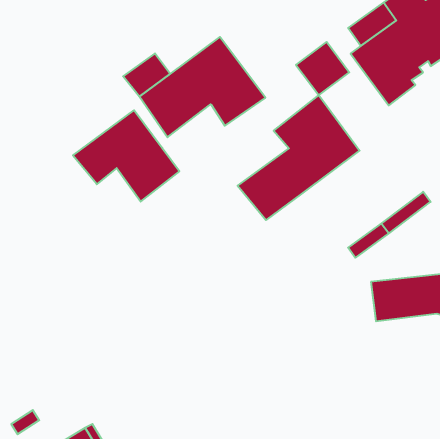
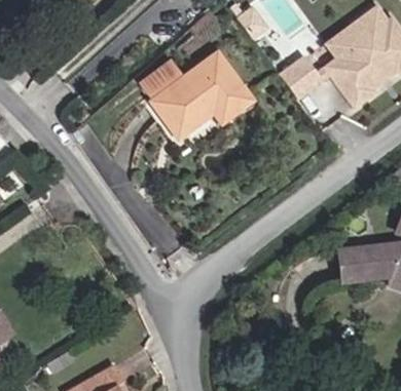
building: [238,95,360,220] -> none
building: [73,110,179,202] -> none

